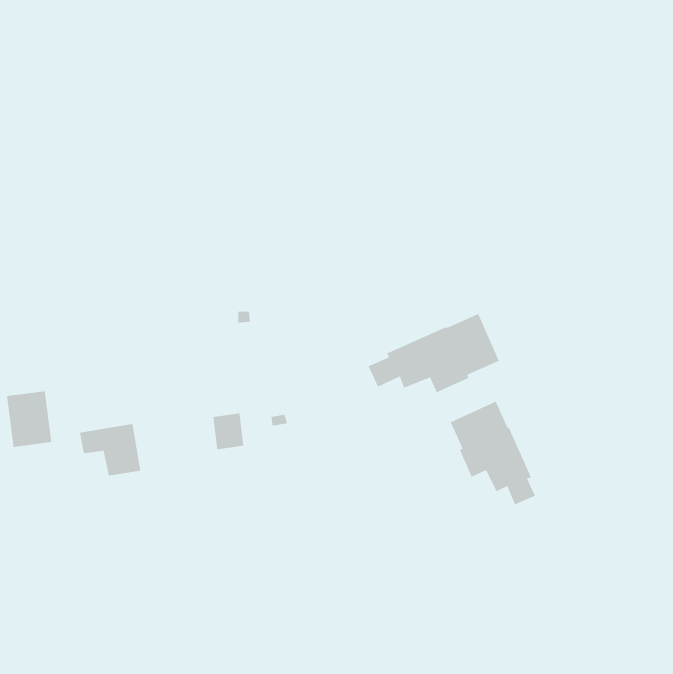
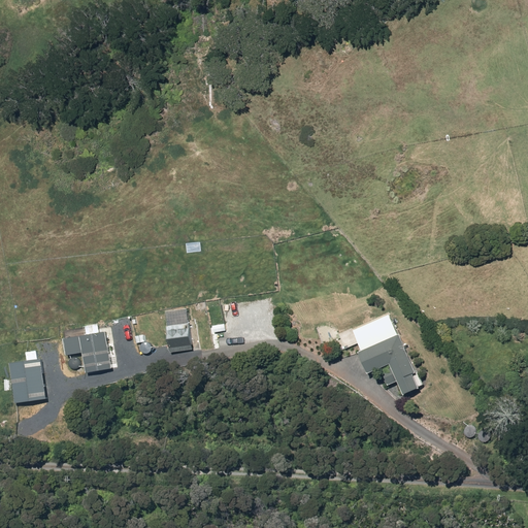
building: [368,313,499,393] -> none
building: [6,391,52,447] -> [8,358,44,402]

